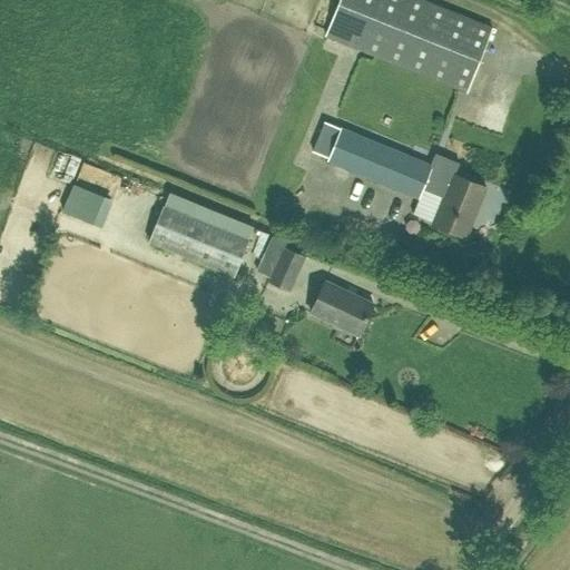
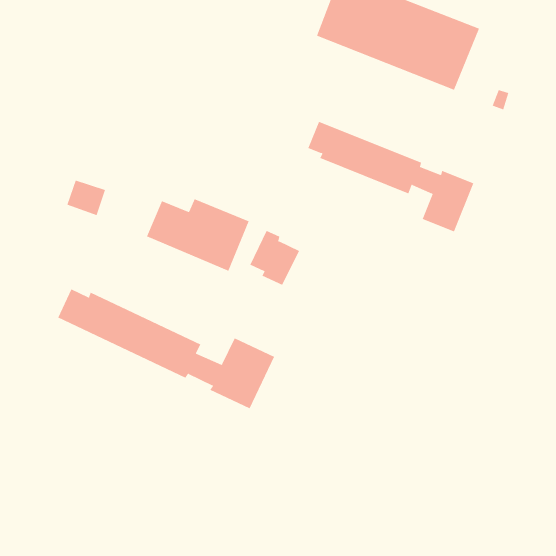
building: [312,285,371,334] -> none
building: none -> [57,289,275,409]

